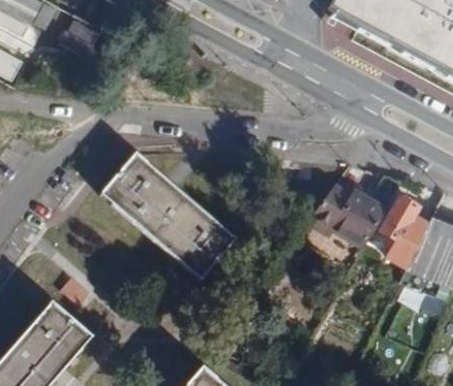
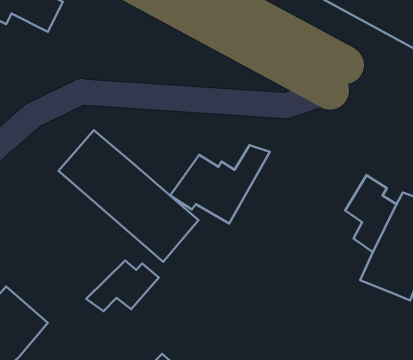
building: [306,174,402,250] -> [170,145,270,223]
building: none -> [86,260,159,311]

